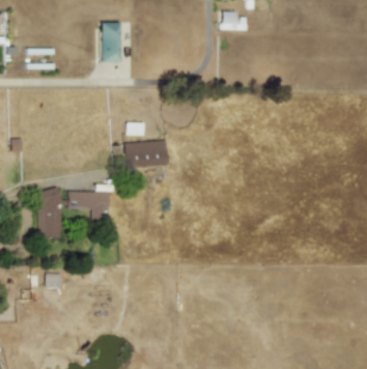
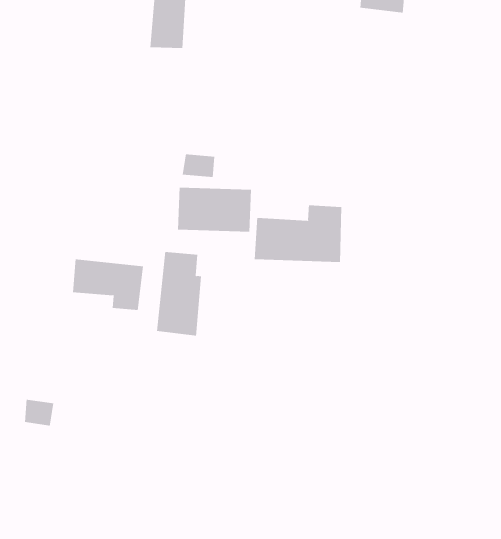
building: none -> [254,205,342,263]
building: [37,191,61,238] -> [156,252,202,336]

